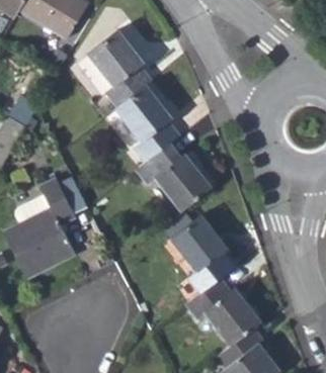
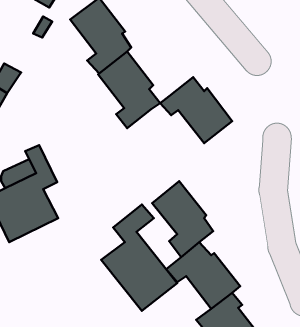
building: [137,143,210,209] -> [160,77,232,143]
building: none -> [101,204,177,311]

